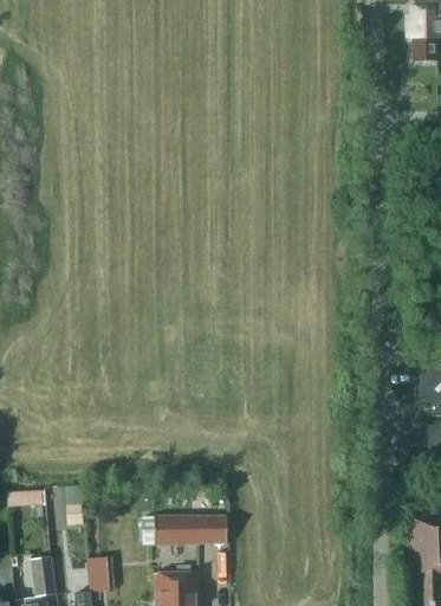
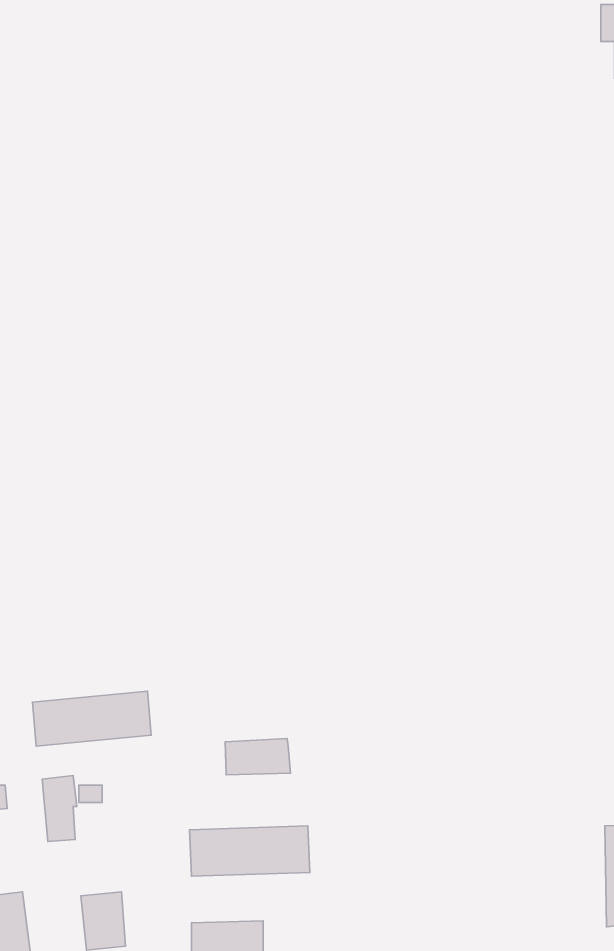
building: none -> [32,691,151,746]
building: none -> [225,739,290,775]

